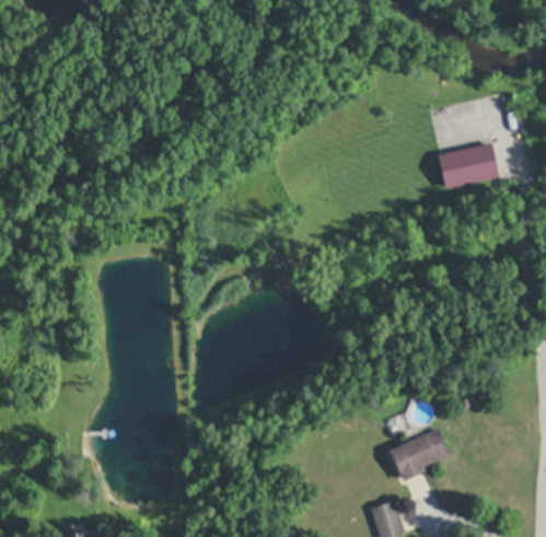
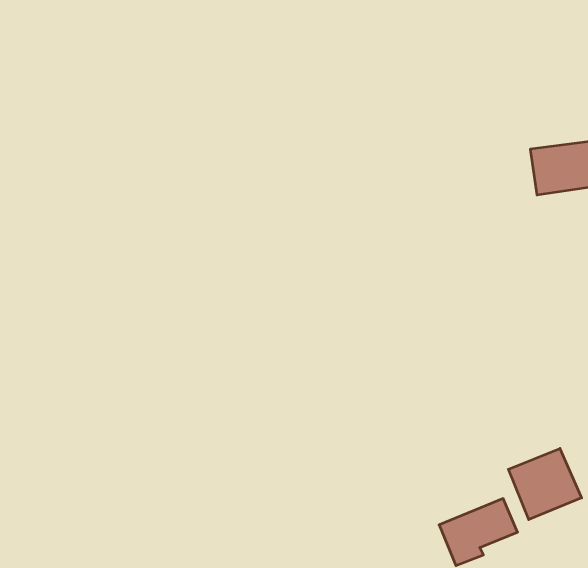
building: none -> [508,448,582,520]

